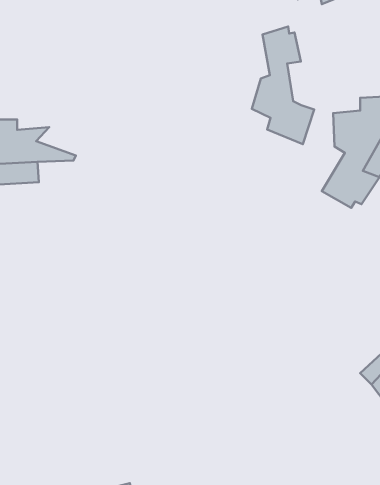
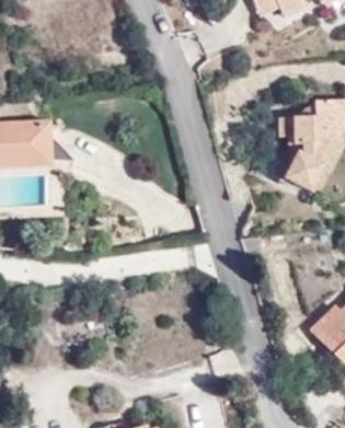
building: [252,27,314,144] -> none

